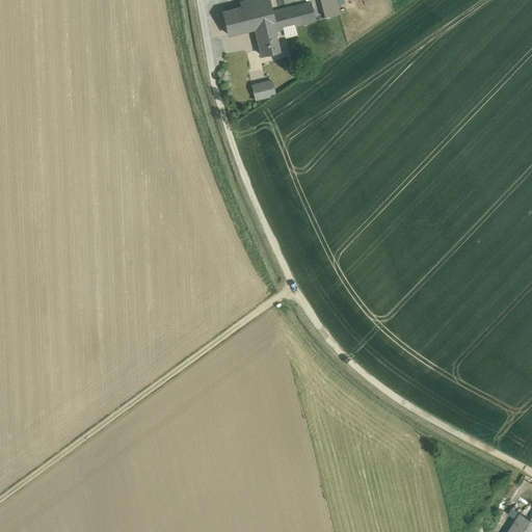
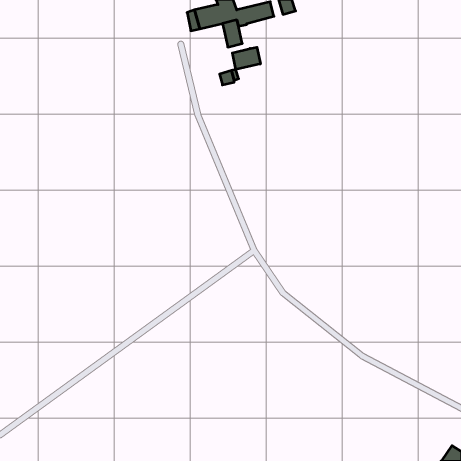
building: none -> [232,47,260,70]

